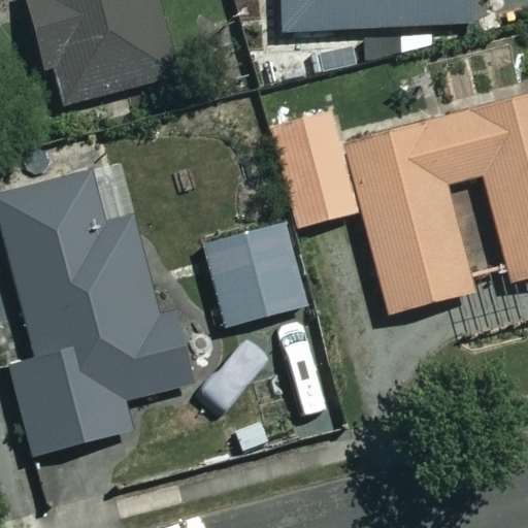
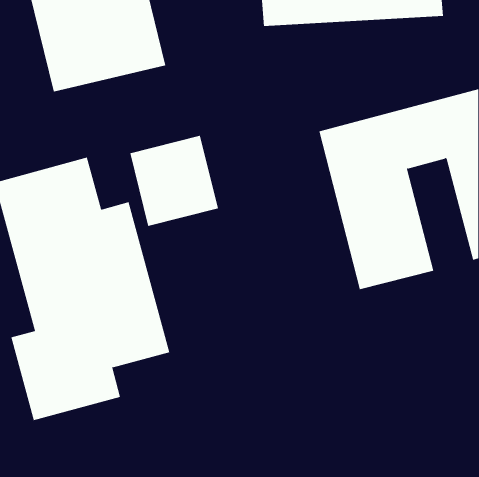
building: [270,114,352,227] -> none
building: [206,226,303,325] -> [129,135,219,226]

